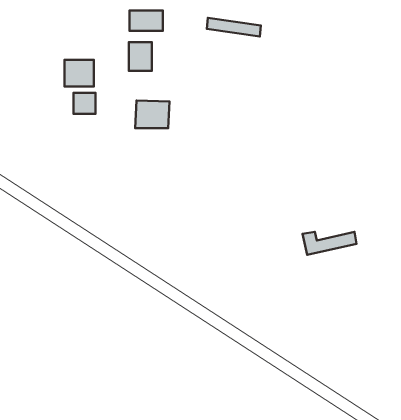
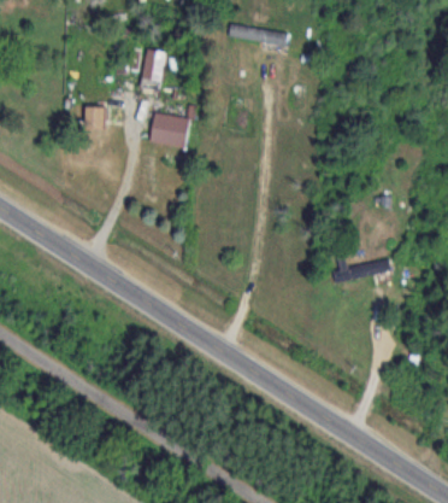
building: [129,11,163,31] -> none
building: [64,60,94,86] -> none

